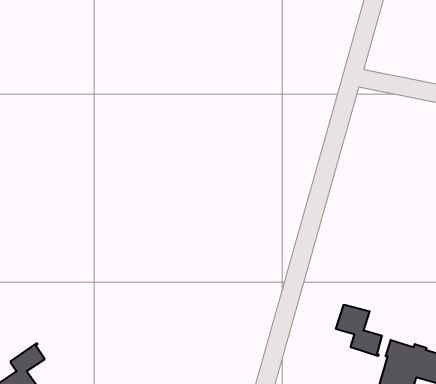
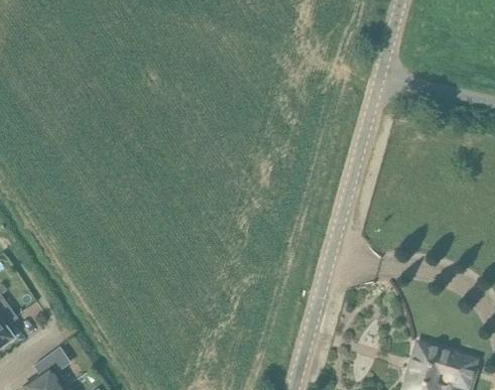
building: [336,305,382,356] -> none

